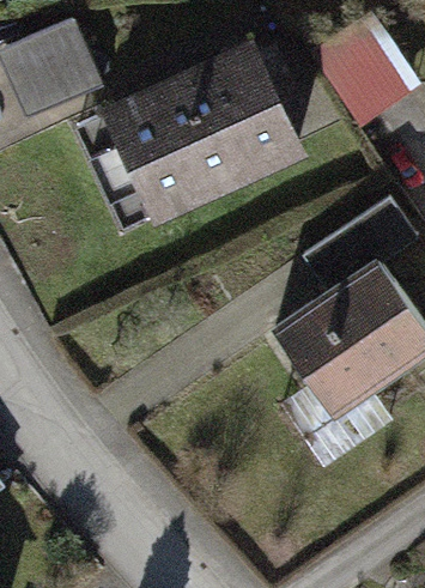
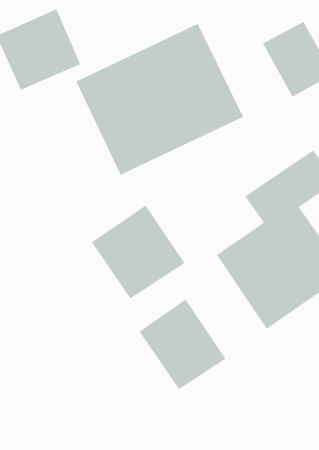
building: none -> [91,204,185,300]
building: none -> [139,299,227,390]

